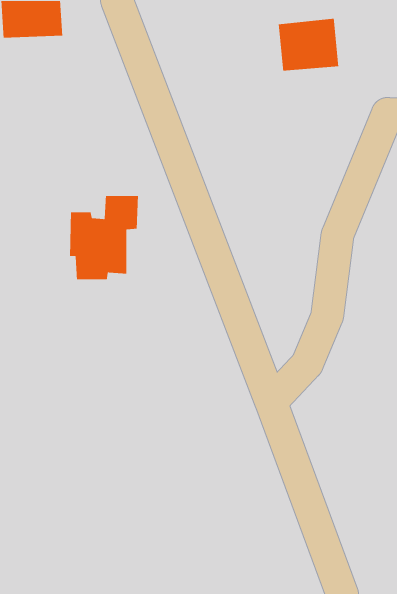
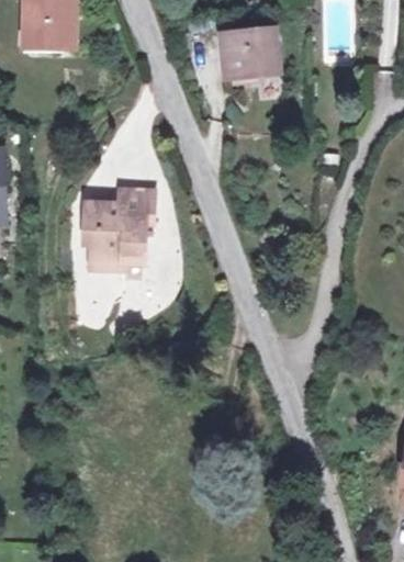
building: [278,18,339,71] -> [214,31,272,81]

